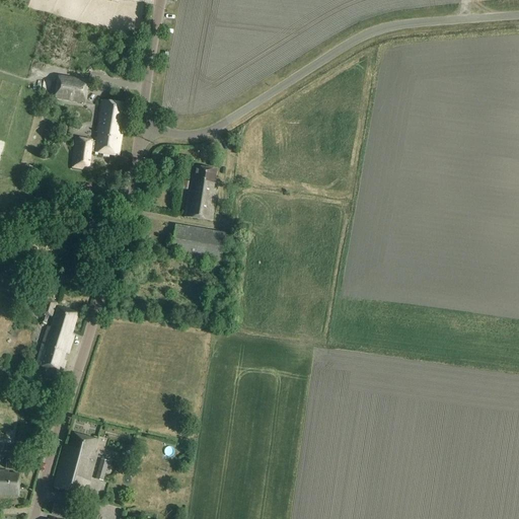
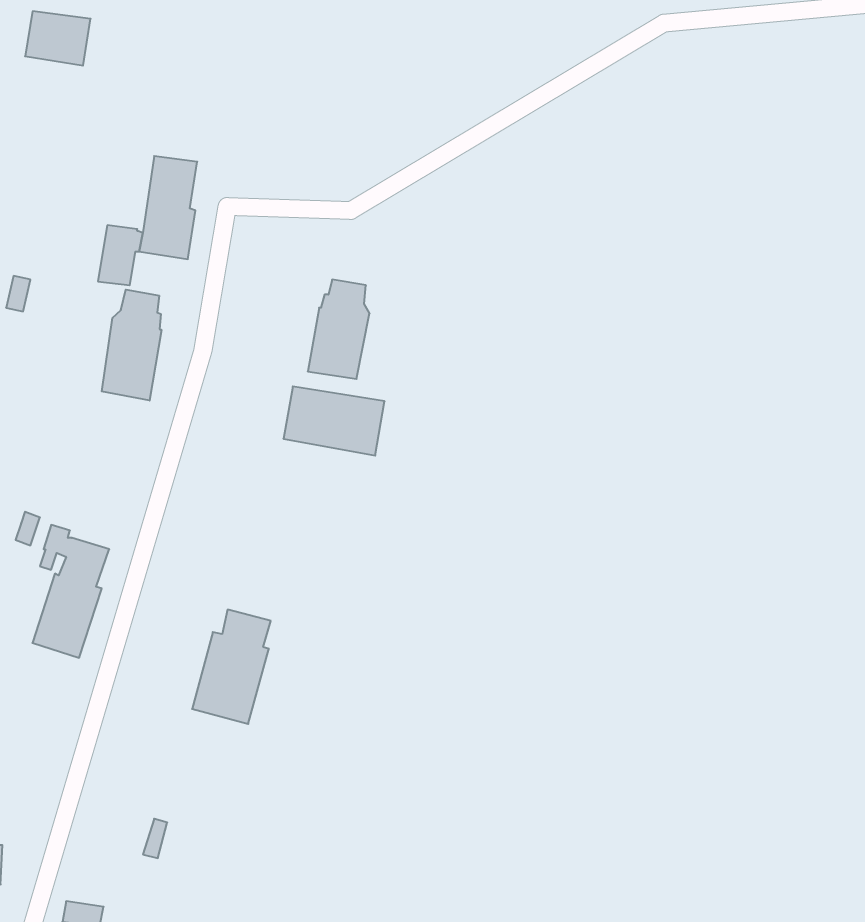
building: [55,74,90,103] -> [25,11,91,66]
building: none -> [102,290,161,401]
building: [54,432,96,494] -> [192,610,271,724]

